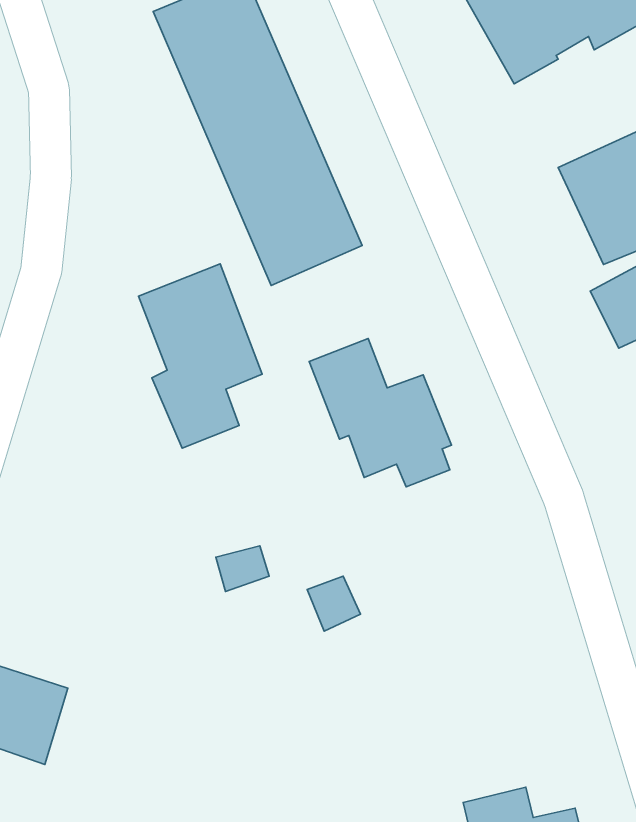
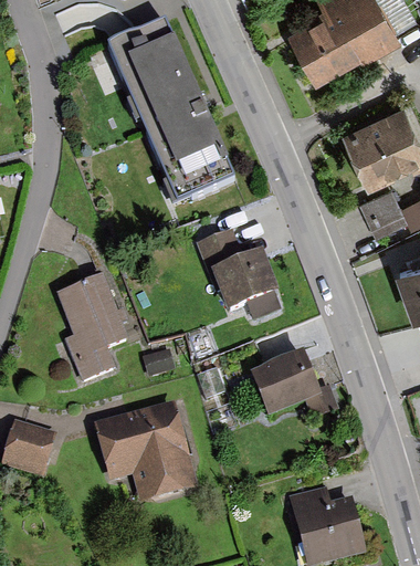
building: [139,264,262,448] -> [57,273,129,380]
building: none -> [251,357,335,422]
building: none -> [95,400,199,502]

